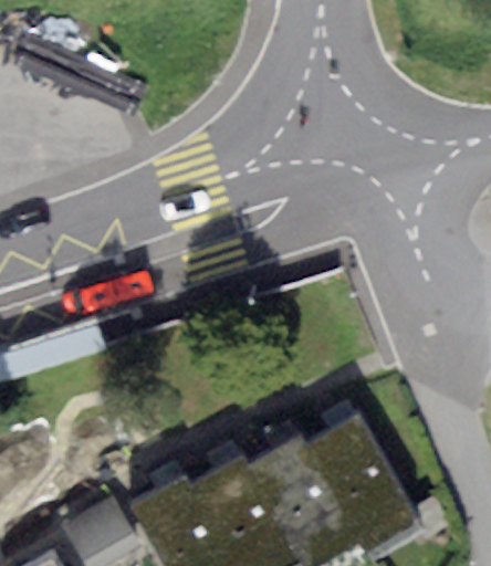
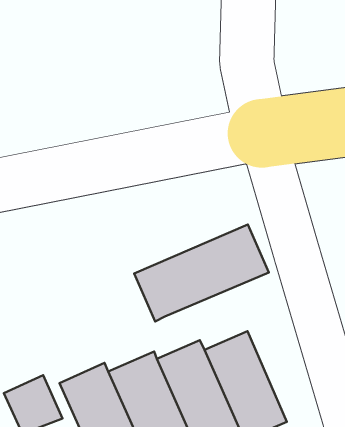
building: none -> [134,224,269,322]

